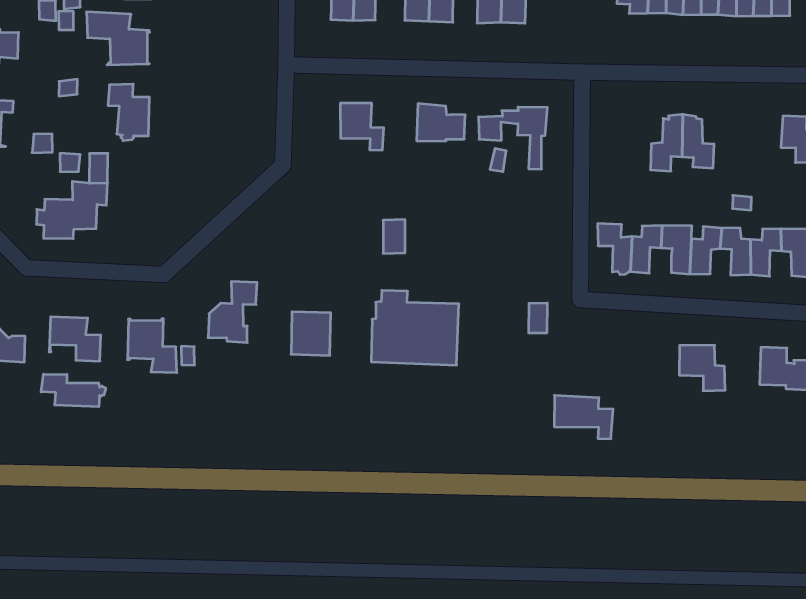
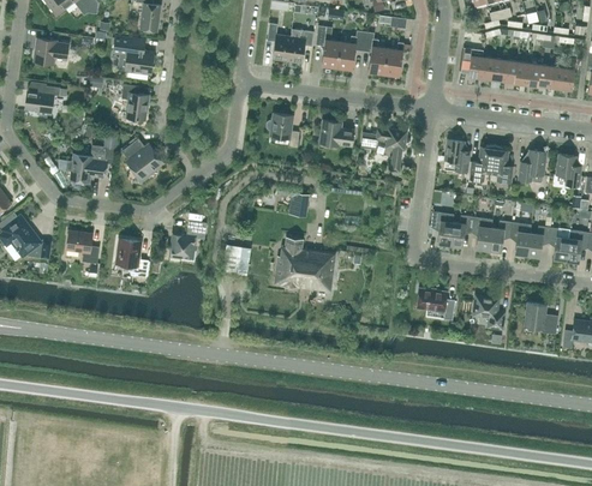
building: none -> [444,139,470,172]
building: none -> [518,150,545,182]
building: none -> [121,138,163,184]
building: [41,374,106,407] -> none
building: [554,395,613,439] -> [415,287,455,319]

